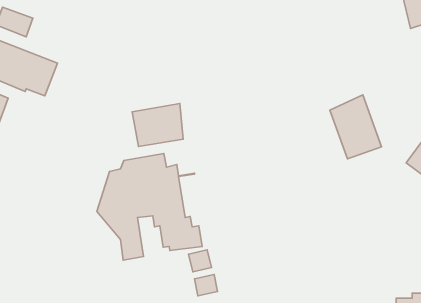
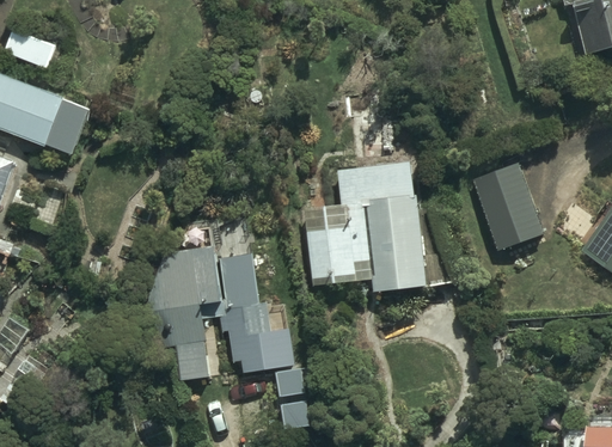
building: none -> [306,149,455,283]
building: [132,104,183,147] -> none

